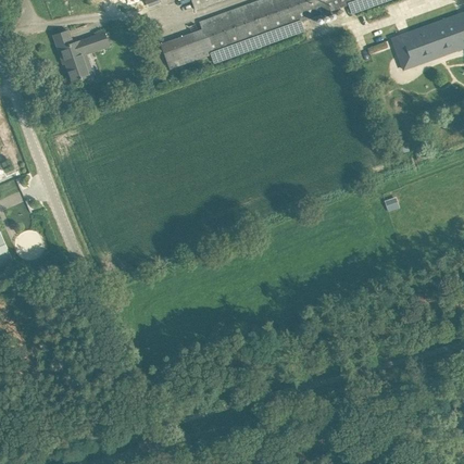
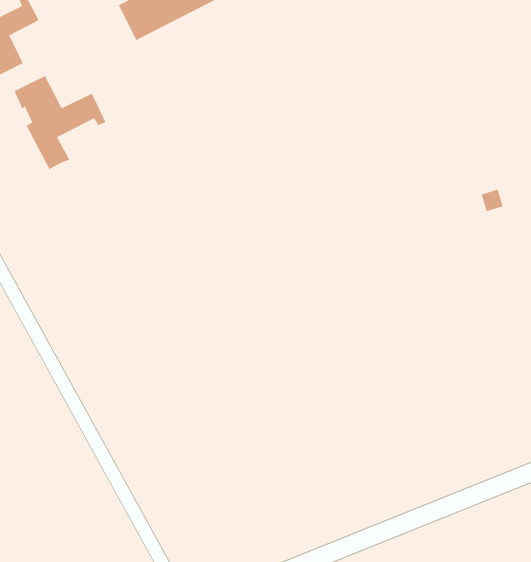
building: none -> [14,75,106,170]

